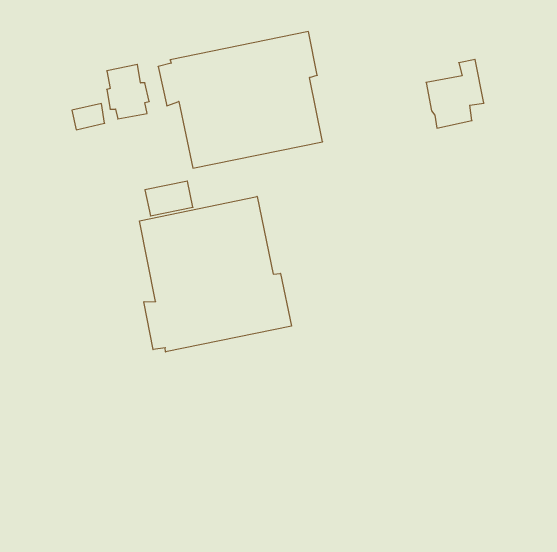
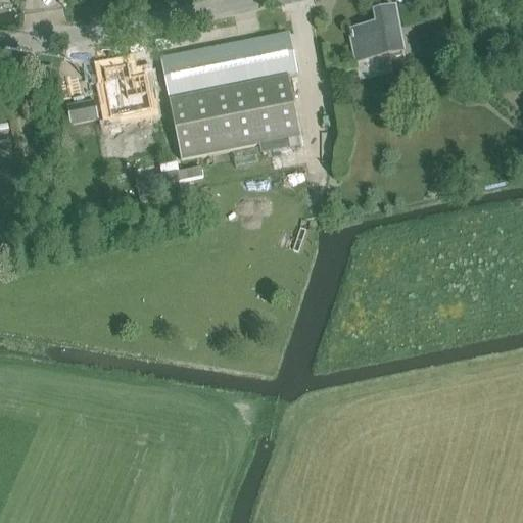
building: [426,59,484,128] -> [349,8,403,73]
building: [140,196,291,352] -> none

